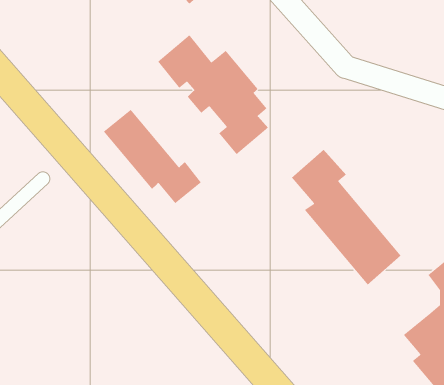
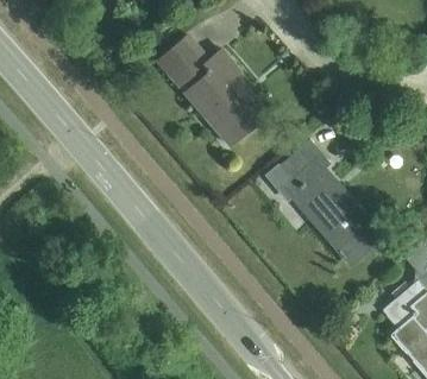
building: [103,109,202,204] -> none

